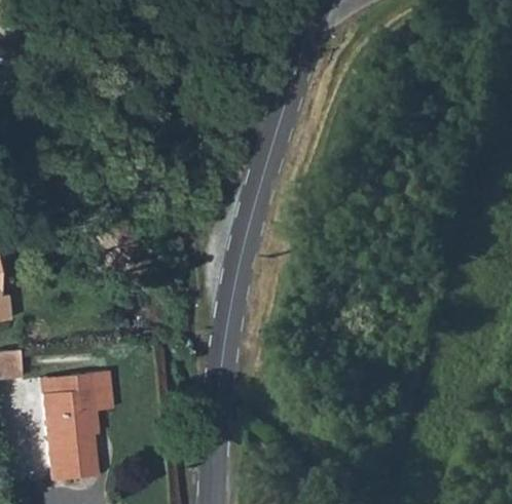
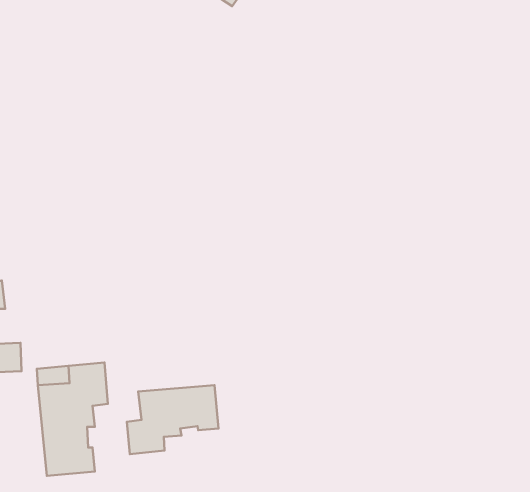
building: none -> [127,385,218,454]

